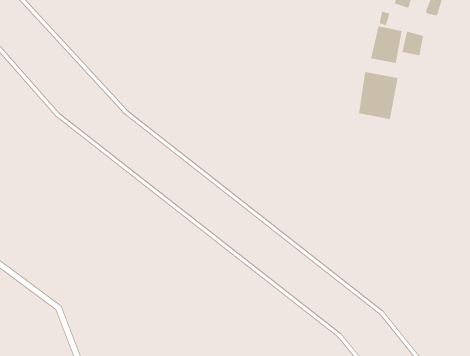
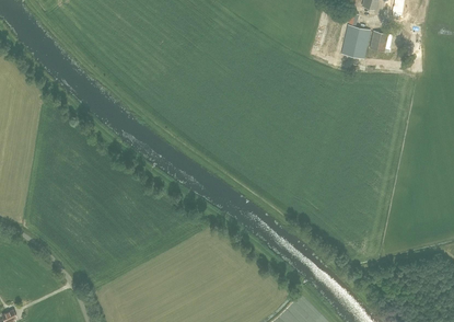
building: [358,71,398,120] -> none

